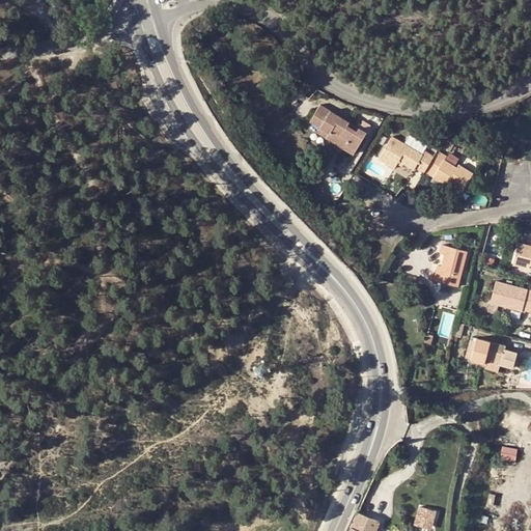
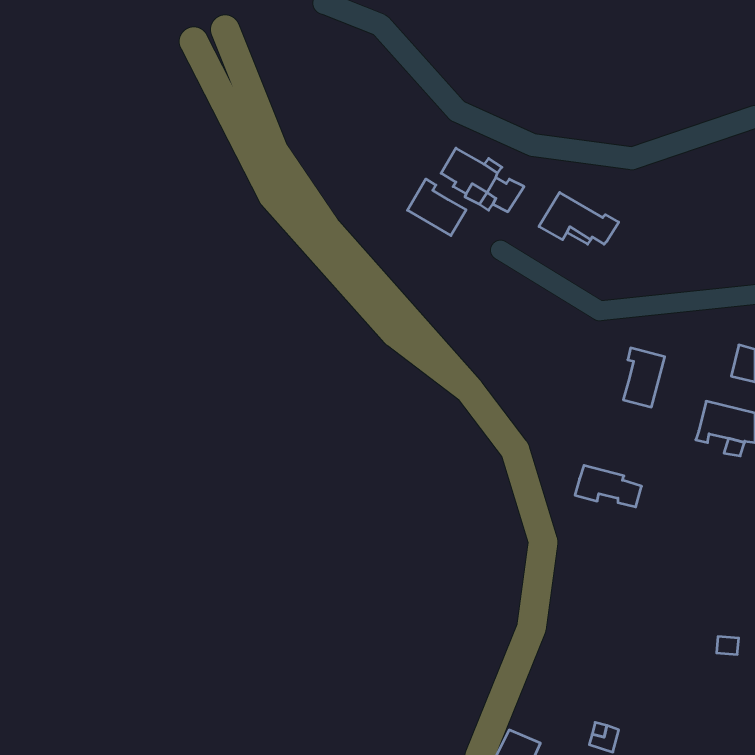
building: none -> [407,179,466,236]
building: [425,151,473,191] -> none
building: [470,339,516,368] -> [575,465,642,507]

